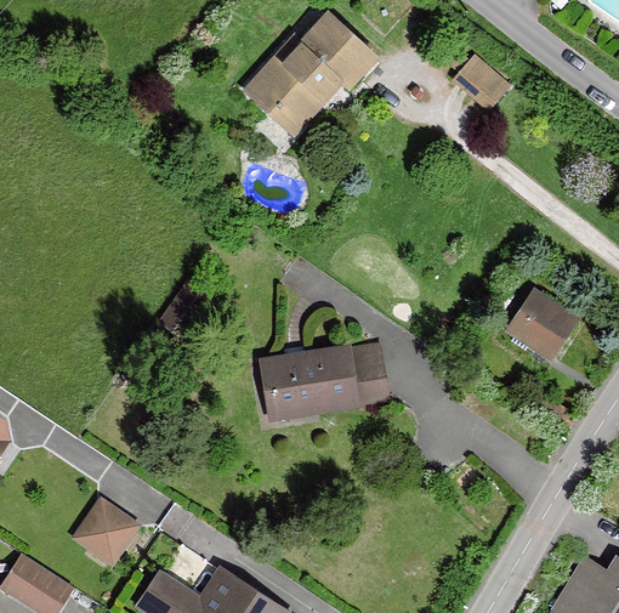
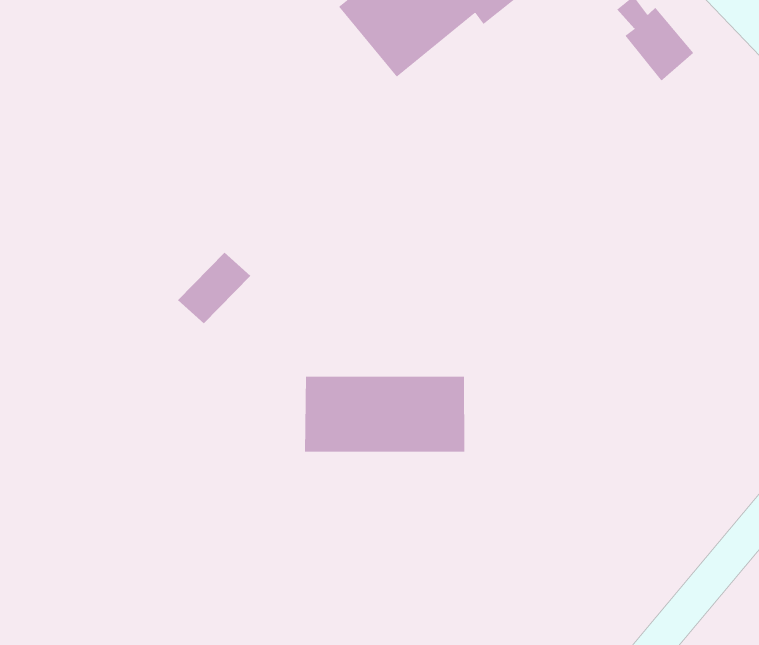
building: [507,293,570,354] -> none
building: [75,500,135,560] -> none

